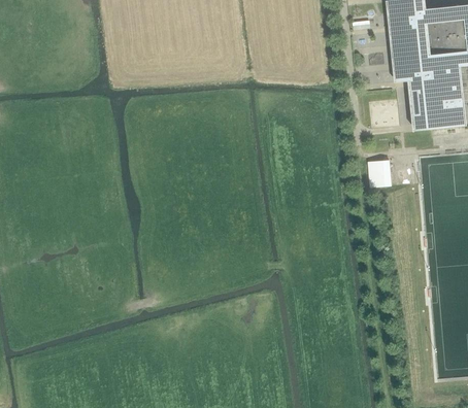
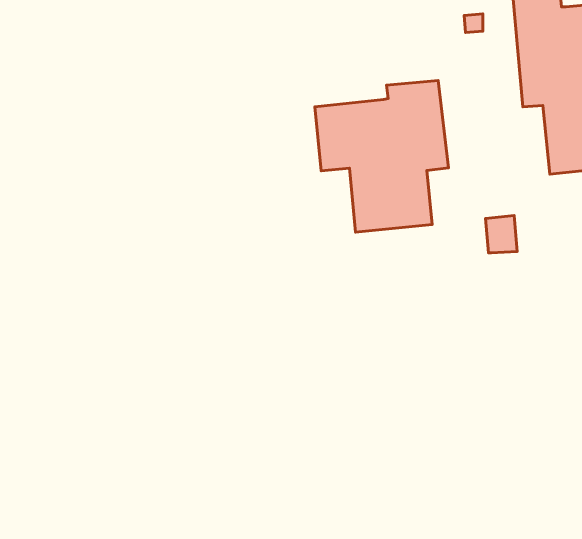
building: none -> [315,81,449,232]

